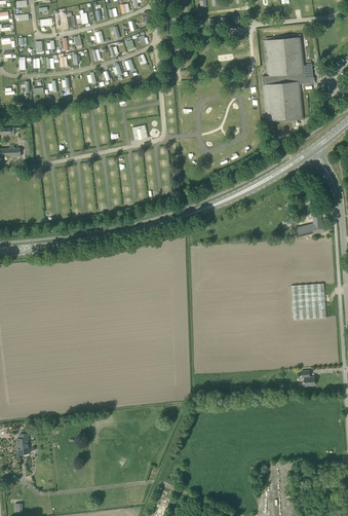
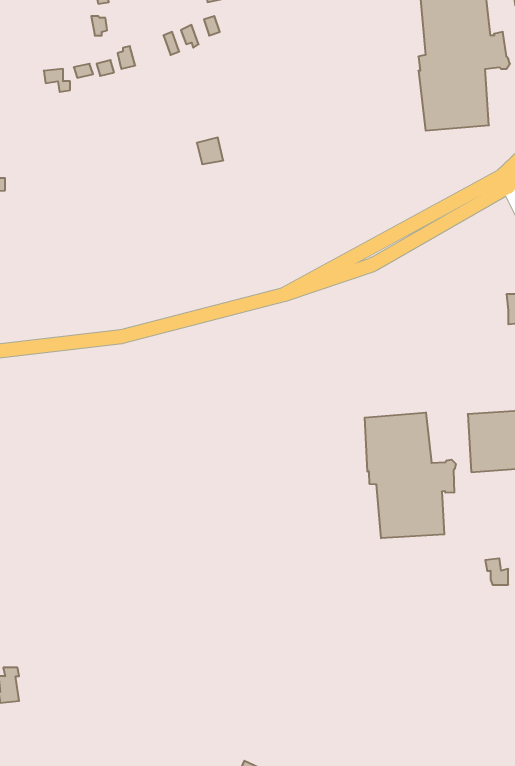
building: none -> [365,412,456,538]

